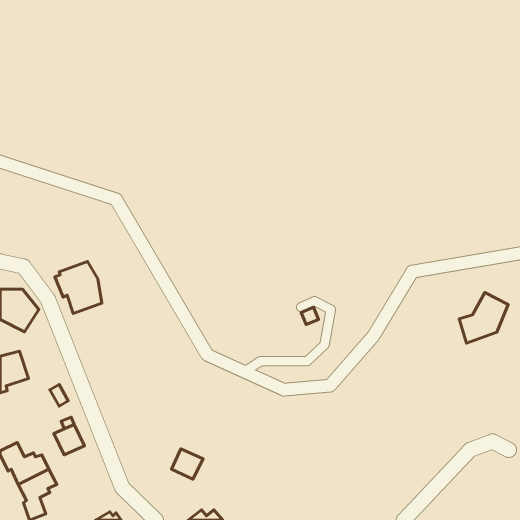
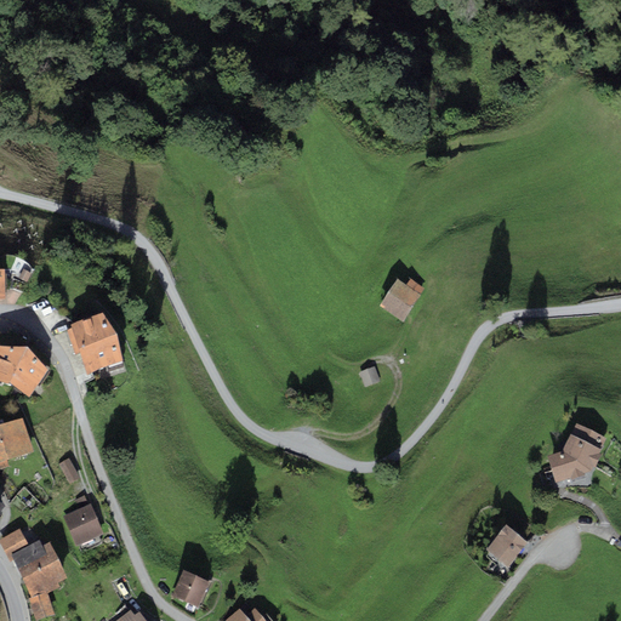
building: none -> [380,279,425,320]
building: [459,292,508,343] -> [547,423,605,484]
building: none -> [486,524,526,565]
building: [172,449,203,479] -> [172,570,210,606]

